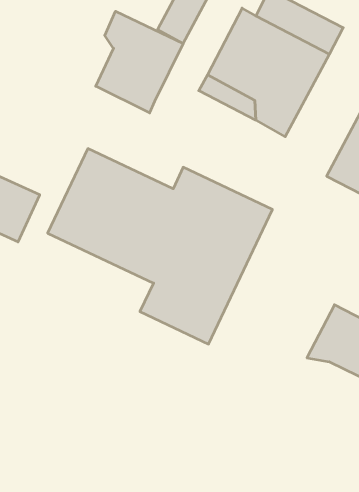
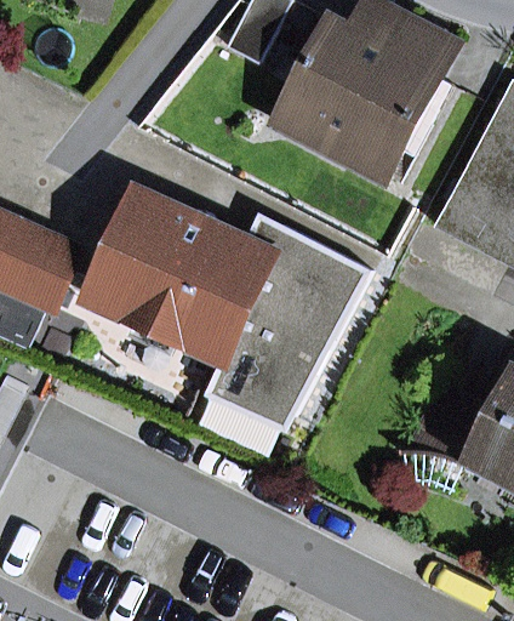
building: [96,11,183,113] -> none

